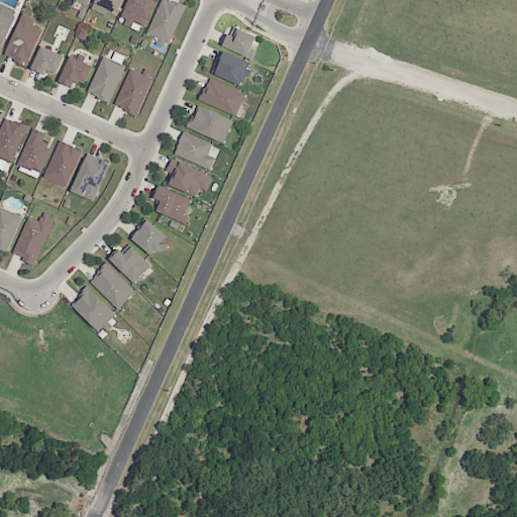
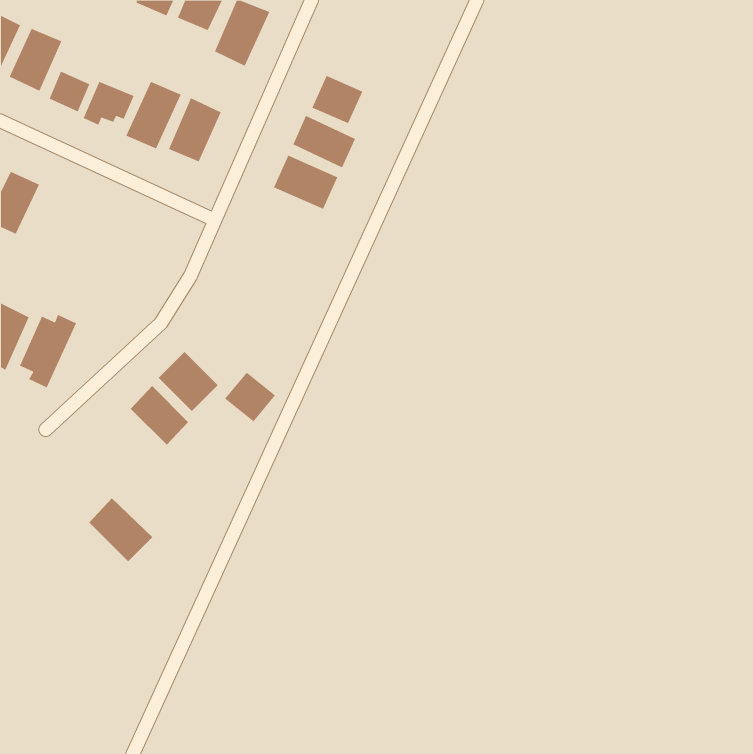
building: [218,27,257,59] -> none
building: [174,131,215,171] -> none
building: [20,133,50,173] -> none
building: [44,142,82,186] -> none
building: [71,154,110,201] -> none
building: [166,161,204,195] -> none
building: [152,187,190,223] -> none
building: [131,220,167,254] -> [224,372,276,422]
building: [70,287,114,331] -> [88,497,153,562]

